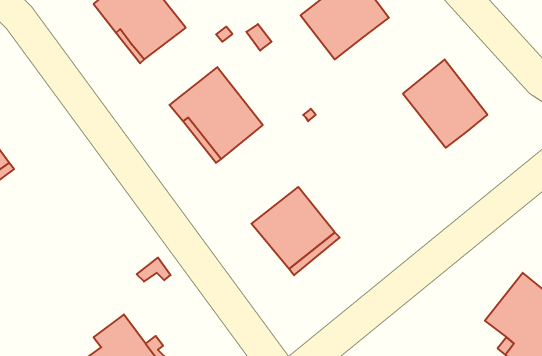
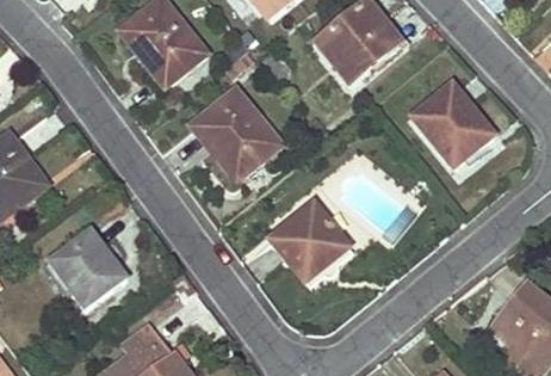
building: none -> [48,228,124,307]

